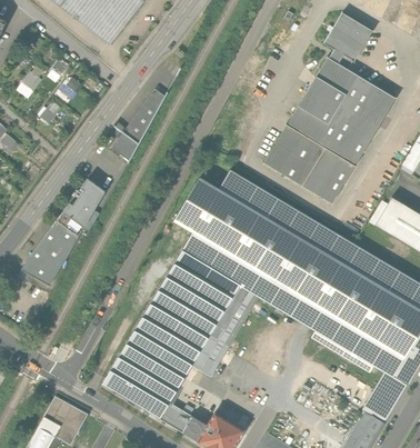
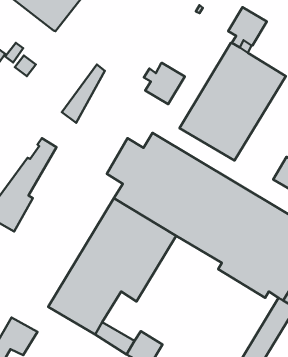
building: none -> [144,63,185,104]

